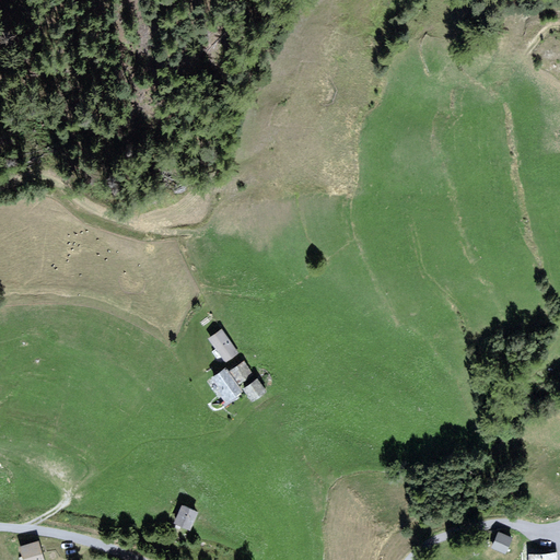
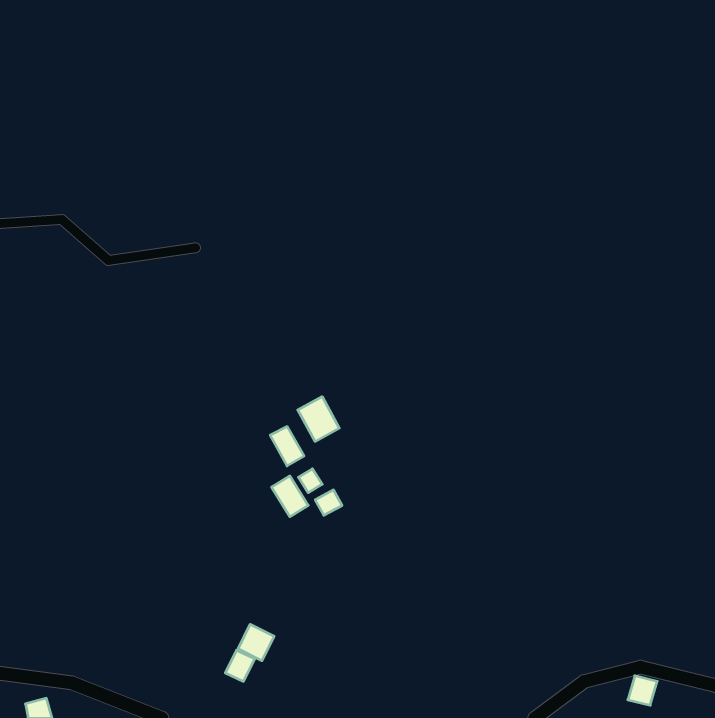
building: none -> [298,397,339,441]
building: none -> [238,624,274,661]

